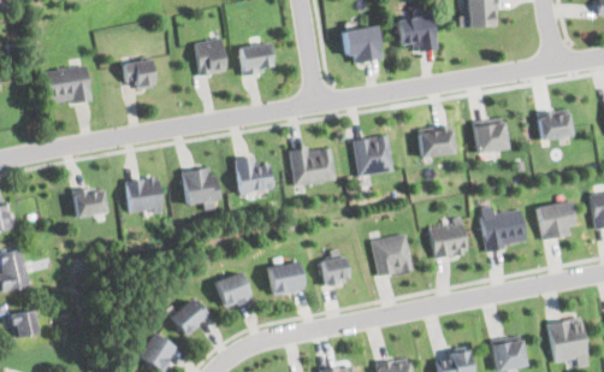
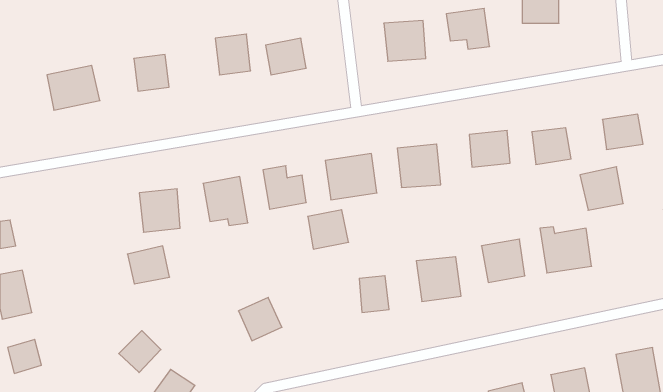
building: [71,184,108,218] -> [127,246,170,284]
building: [538,201,576,240] -> [580,167,623,210]
building: [268,261,304,296] -> [308,210,349,249]
building: [170,300,207,337] -> [119,331,161,373]

